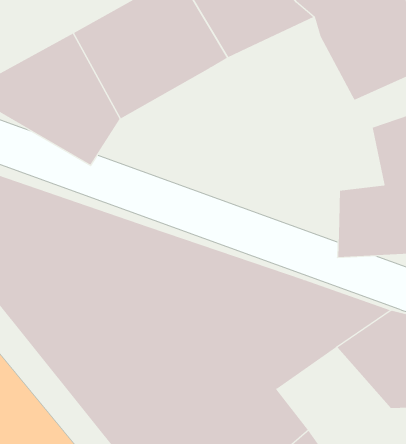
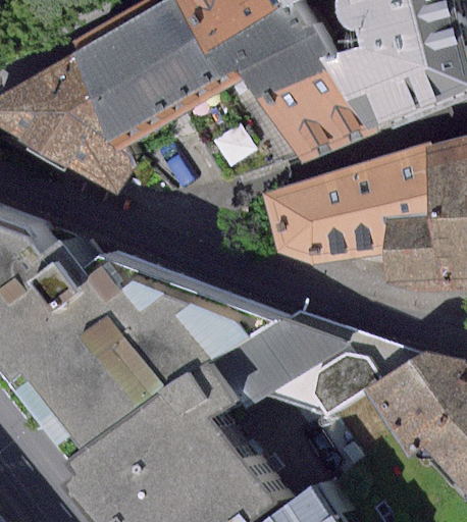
building: none -> [240,30,398,164]
building: none -> [259,151,430,265]

